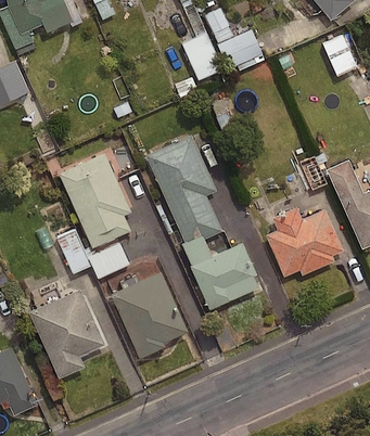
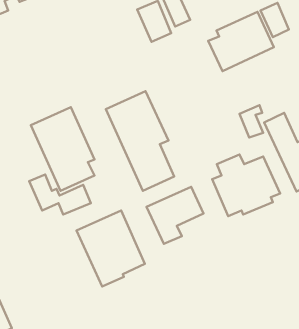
building: none -> [208,12,274,71]
building: [29,290,105,380] -> none

